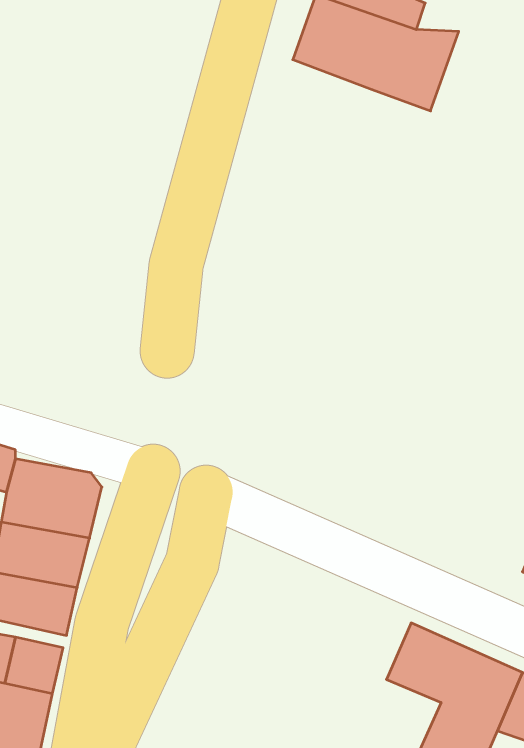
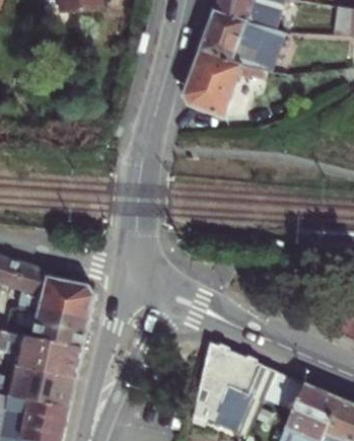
building: none -> [186,46,249,116]
building: none -> [192,342,271,430]

